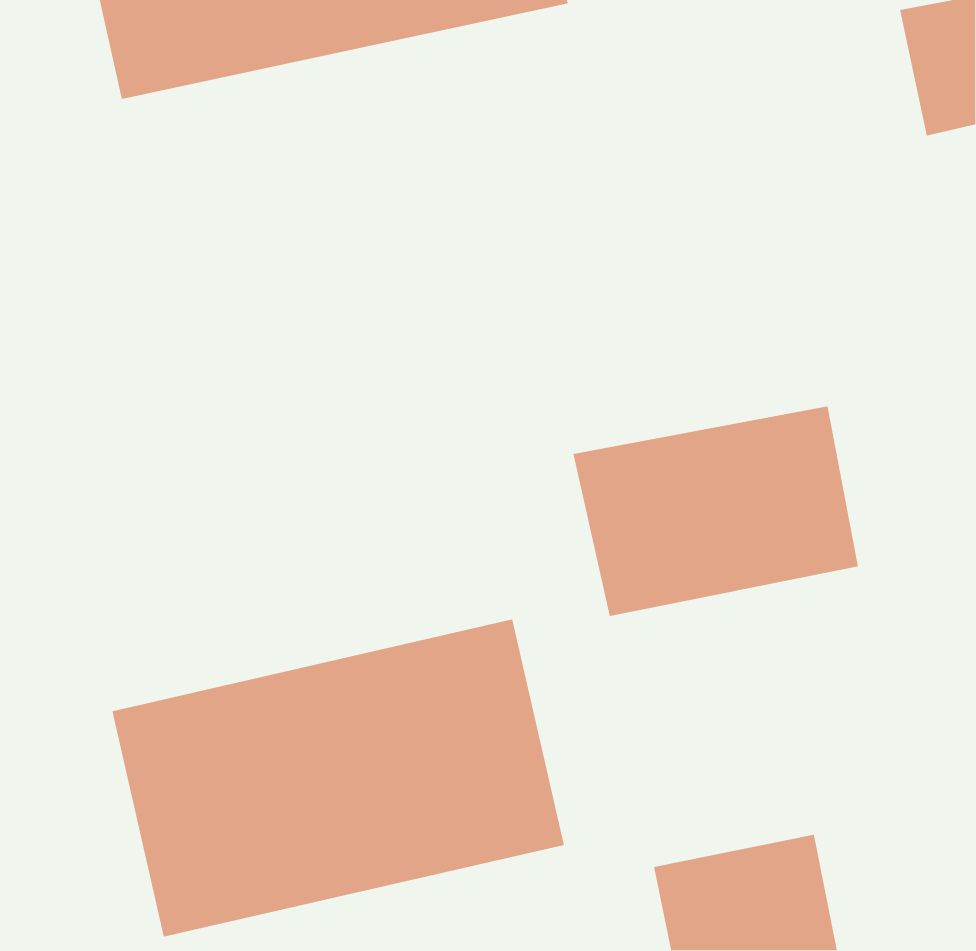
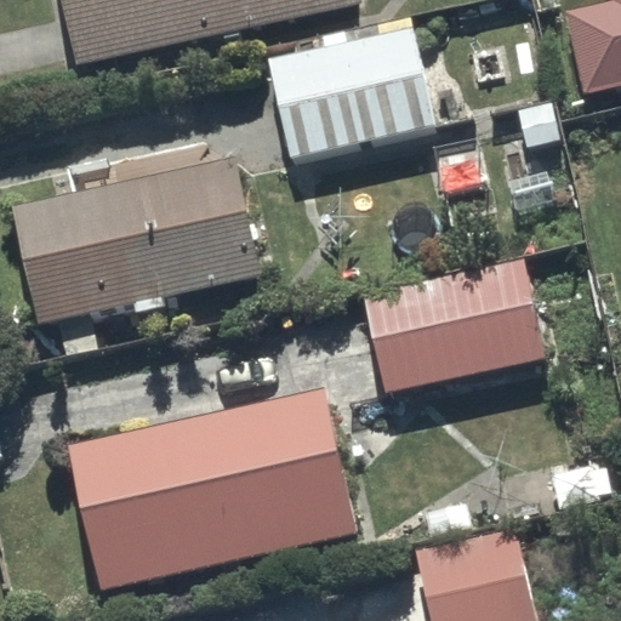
building: none -> [269,11,434,155]
building: none -> [11,160,256,348]

